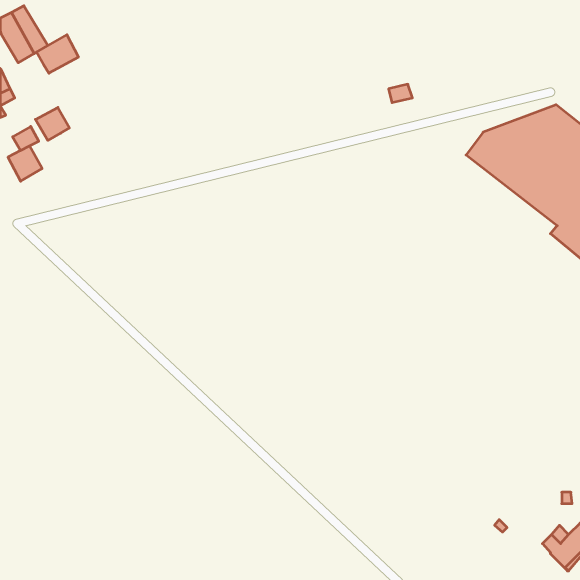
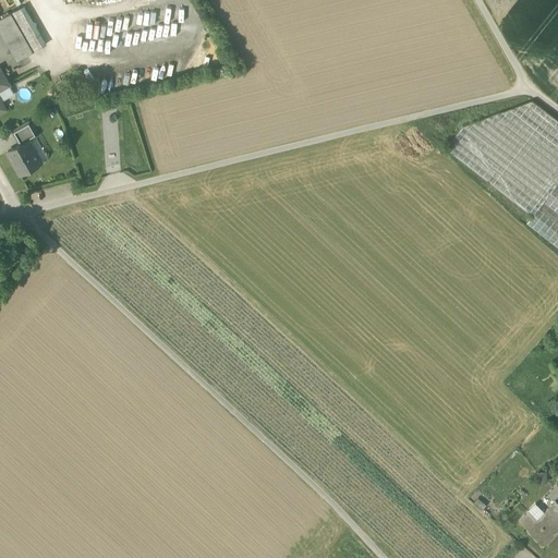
building: [37,35,78,73] -> none
building: [35,107,69,140] -> none

